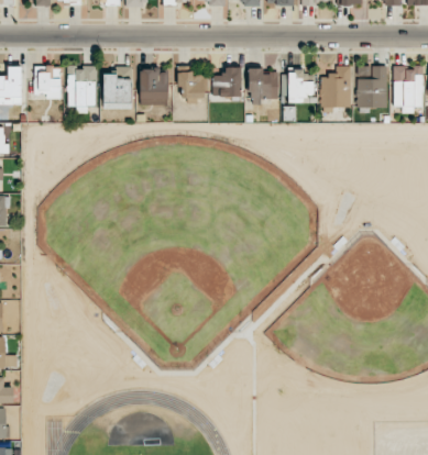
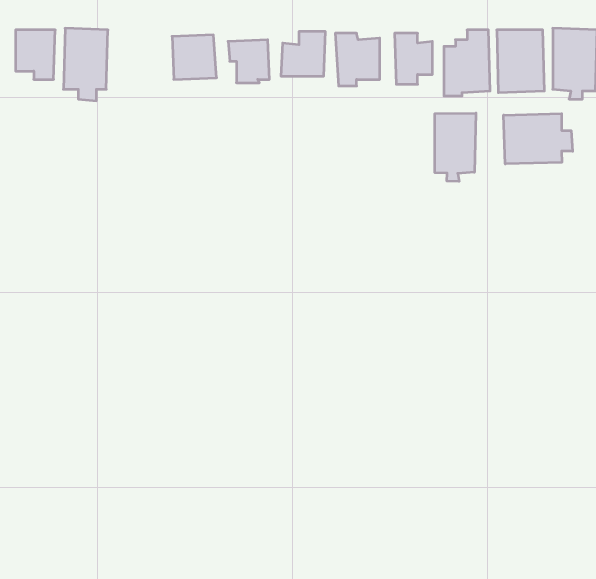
building: [103,67,132,109] -> none
building: none -> [435,113,476,181]
building: none -> [504,114,573,164]

